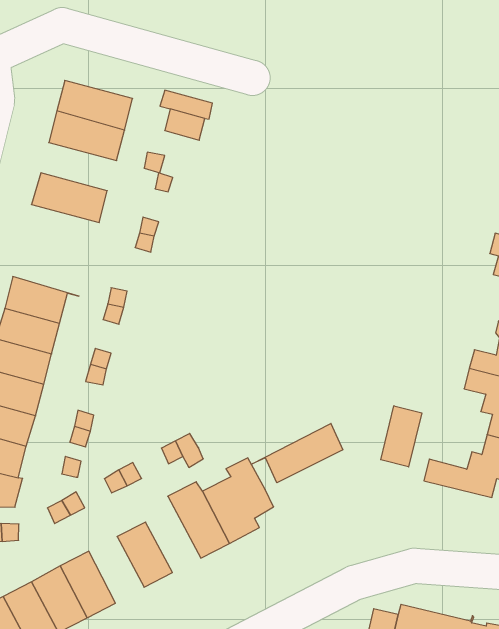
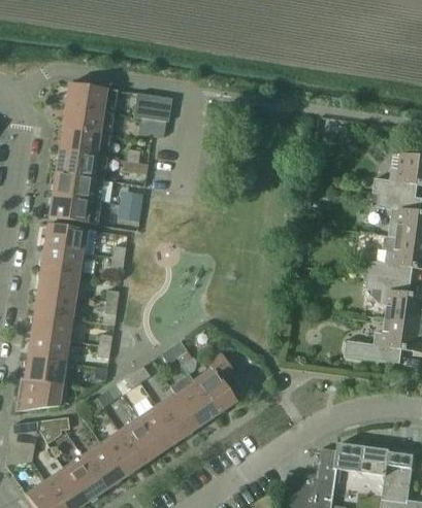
building: none -> [65,83,118,113]
building: none -> [56,150,107,179]
building: none -> [48,195,100,225]
building: none -> [44,224,96,255]
building: [381,406,422,467] -> none
building: [251,423,343,483] -> none
building: none -> [156,394,197,439]
building: none -> [119,418,160,465]

